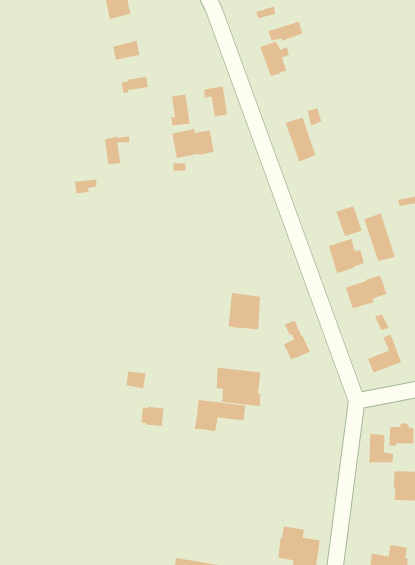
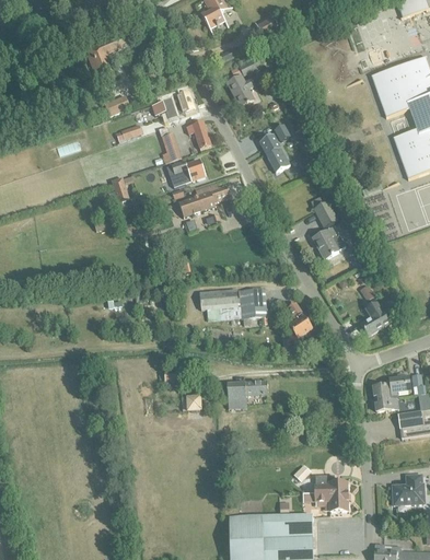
building: none -> [150,91,193,116]
building: none -> [177,182,229,217]
building: [363,212,396,262] -> none
building: [345,275,387,309] -> none
building: [216,367,261,406] -> [198,289,240,319]

